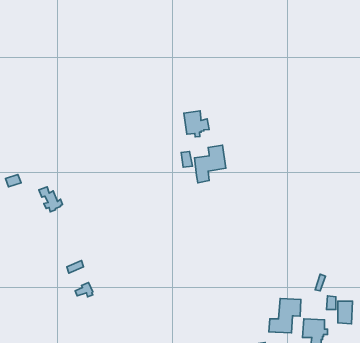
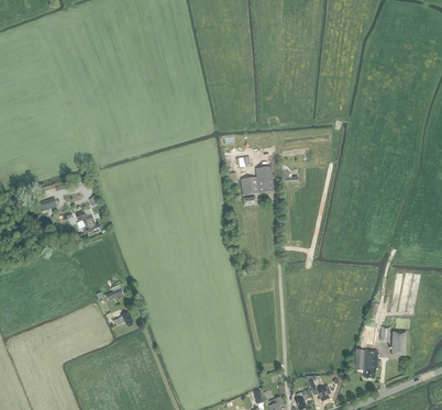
building: [184,111,209,137] -> none
building: [269,298,301,333] -> none

